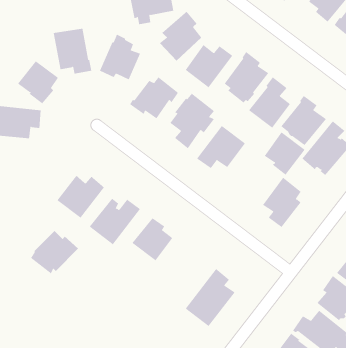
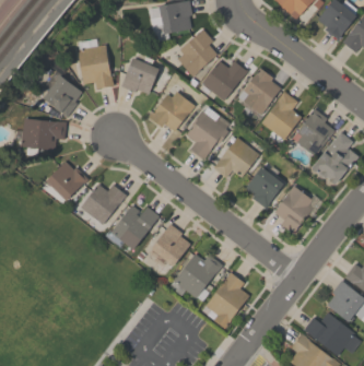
building: [264,132,306,175] -> [245,166,284,208]
building: [30,230,79,274] -> [43,162,89,203]
building: none -> [173,253,222,302]

